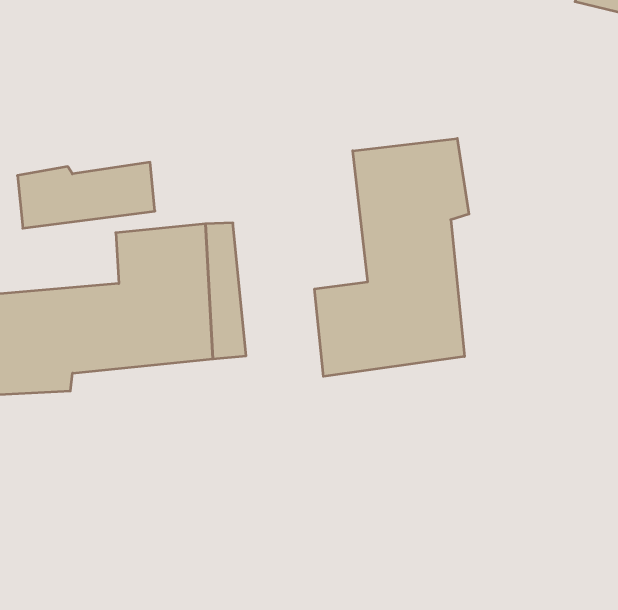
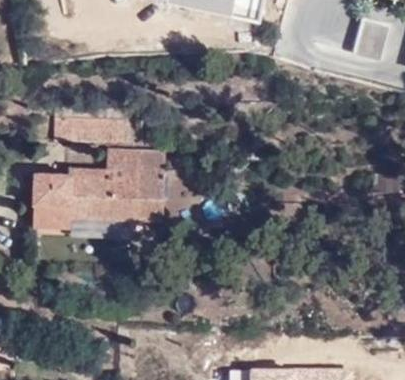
building: [315,138,469,376] -> none

